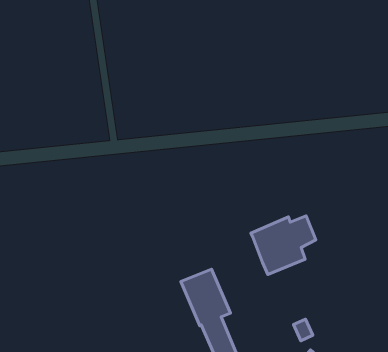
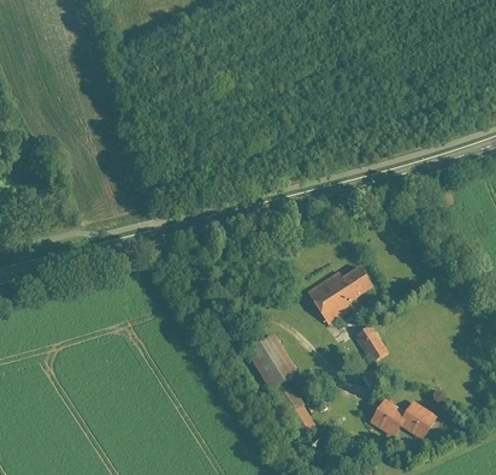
building: none -> [352,326,385,362]

